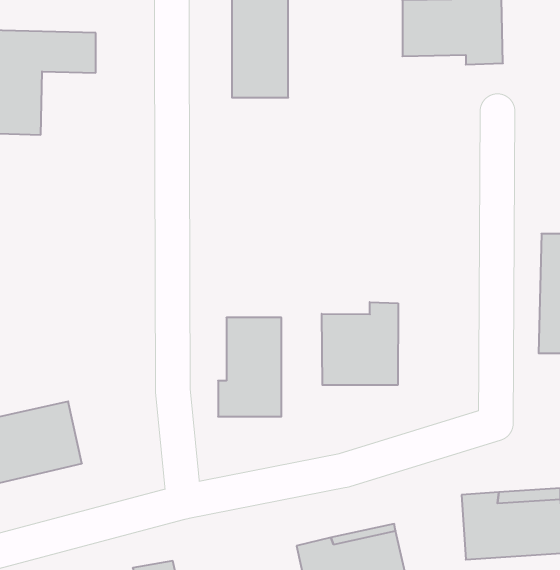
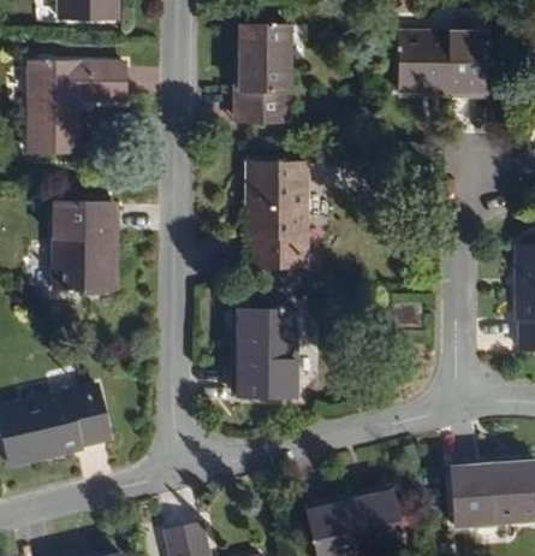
building: none -> [251,162,308,268]
building: none -> [57,202,114,291]
building: [322,302,398,385] -> none

